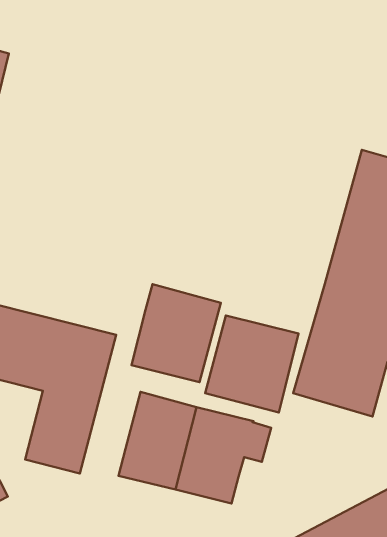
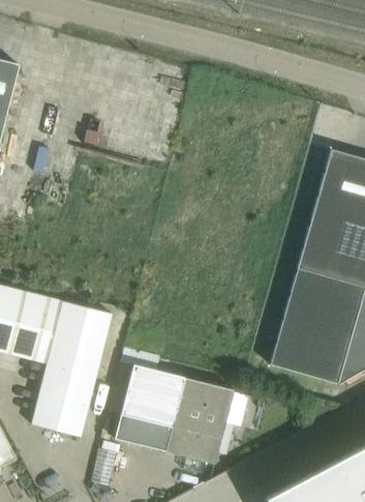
building: [132,284,221,382] -> none
building: [205,316,299,413] -> none

